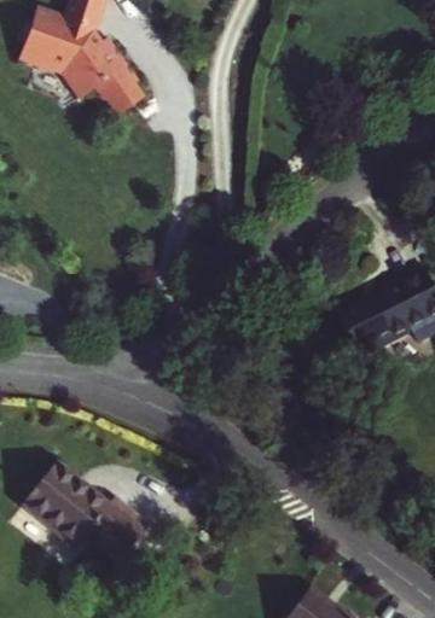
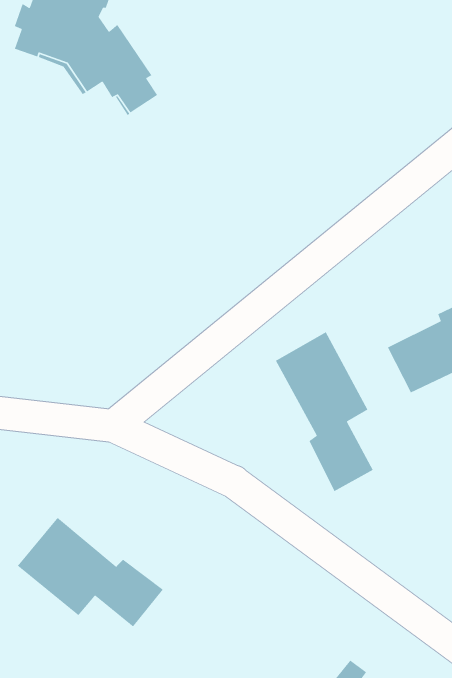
building: none -> [275,331,374,492]

